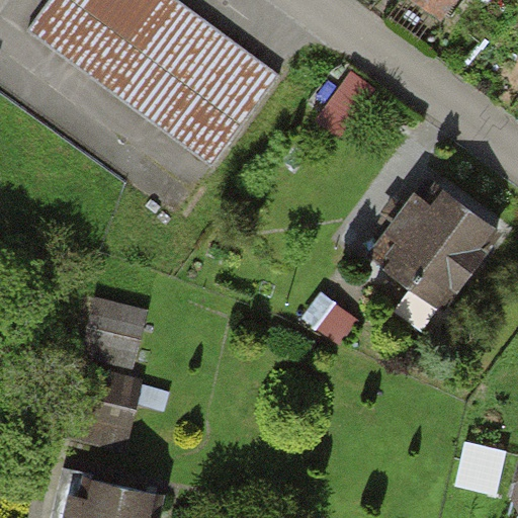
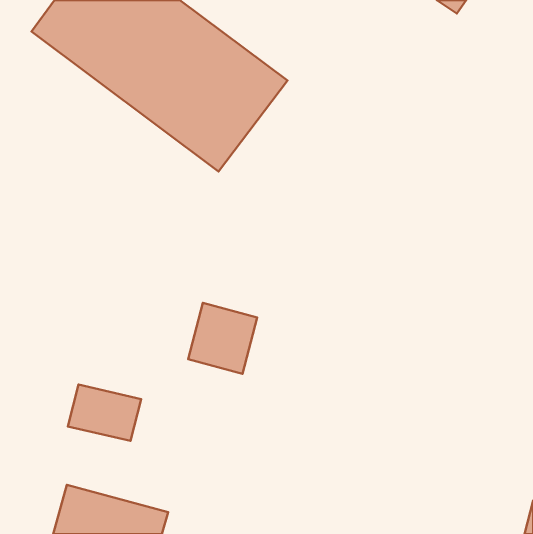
building: [375,185,499,303] -> none
building: [81,297,148,366] -> [188,303,257,374]

